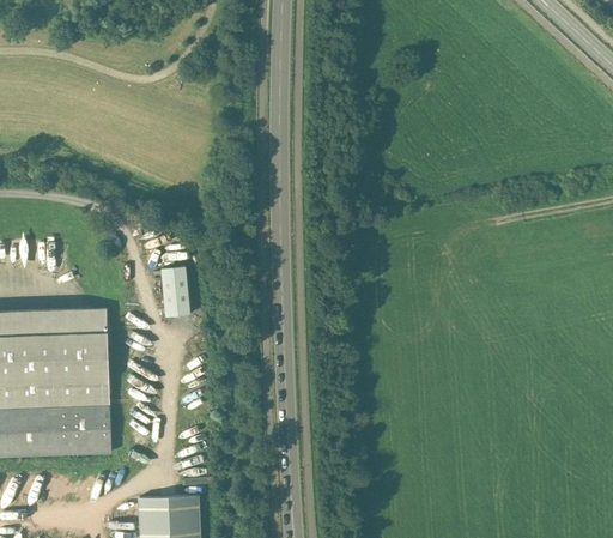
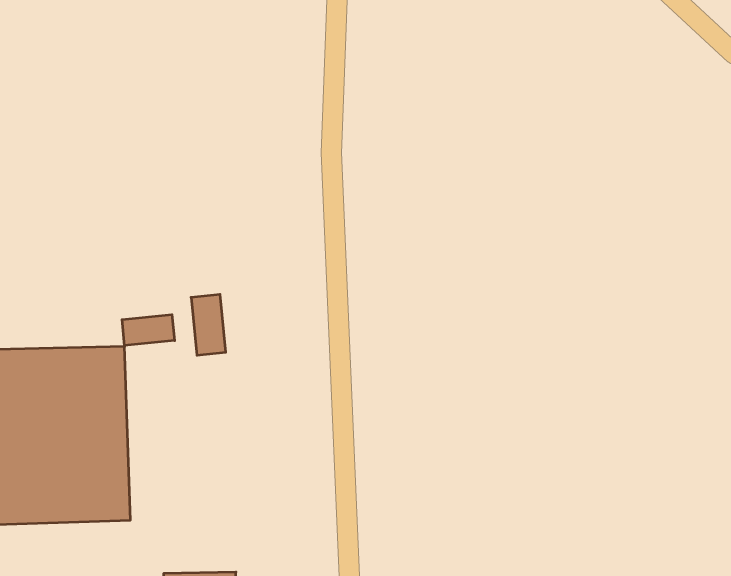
building: none -> [122,315,175,346]

